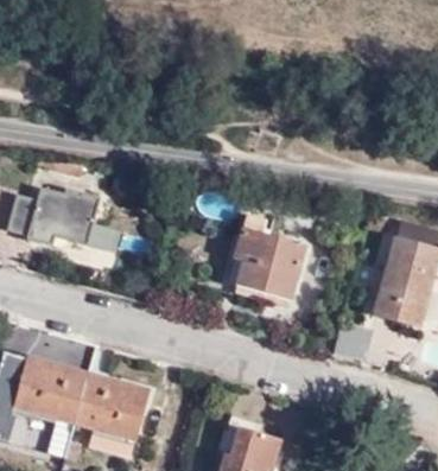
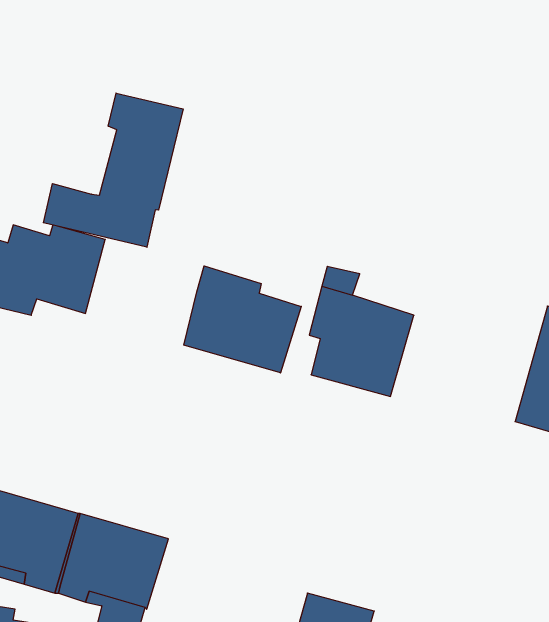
building: none -> [43,93,183,247]
building: none -> [184,266,301,373]

